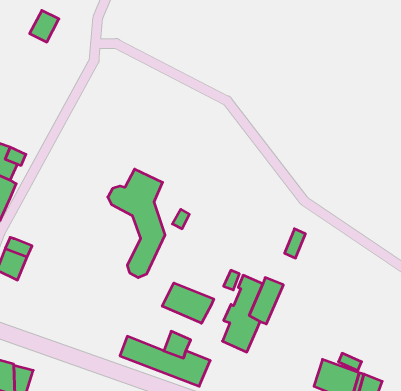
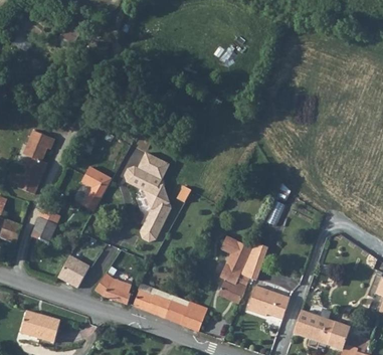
building: none -> [79,168,110,212]
building: [162,283,214,323] -> none
building: none -> [56,255,87,289]
building: none -> [93,274,131,304]
building: none -> [247,286,289,318]

